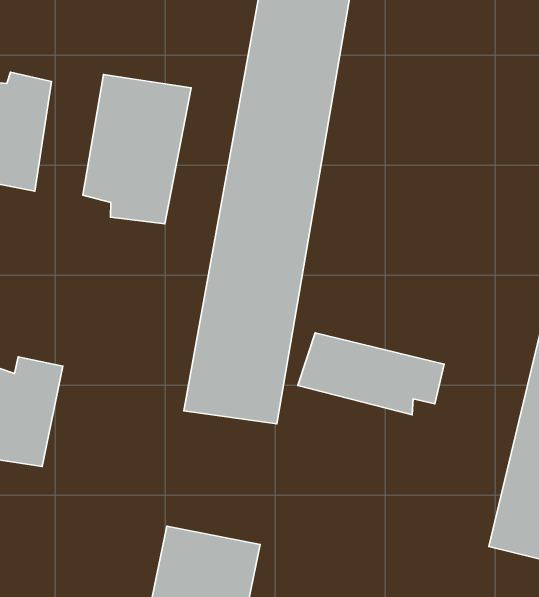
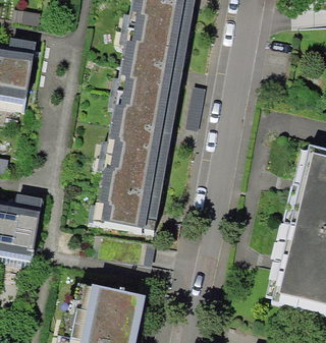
building: [83,75,191,224] -> none
building: [298,333,444,415] -> none

